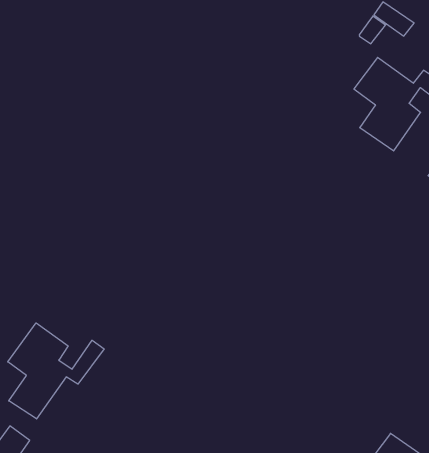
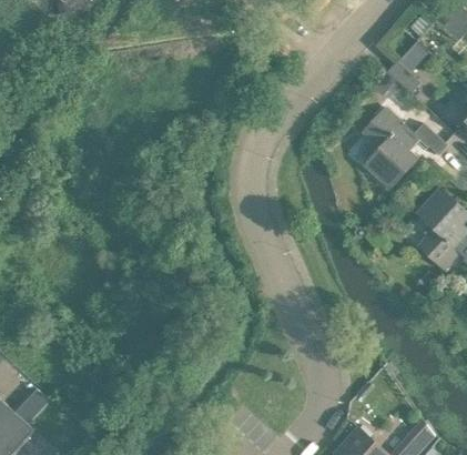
building: [8,323,104,419] -> none

